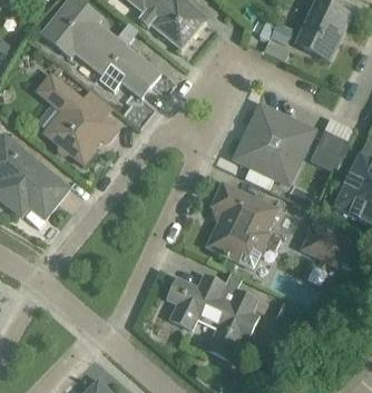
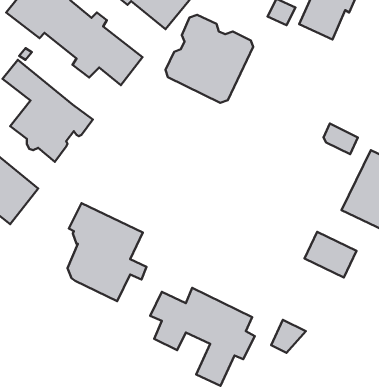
building: [236,106,313,183] -> [165,15,253,103]
building: [211,183,280,268] -> [68,203,147,301]

